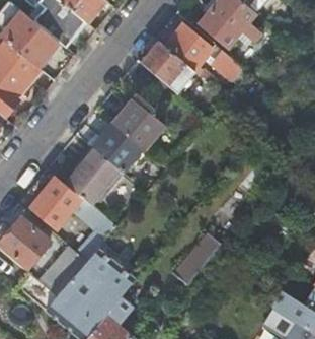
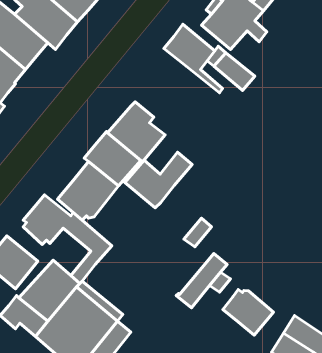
building: [141,43,184,84] -> none
building: none -> [125,152,192,208]
building: none -> [223,290,273,335]

